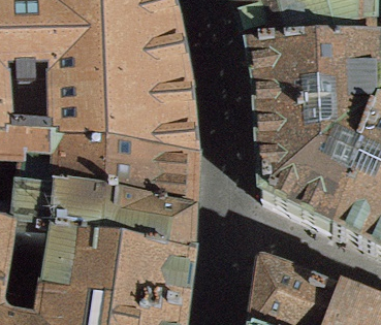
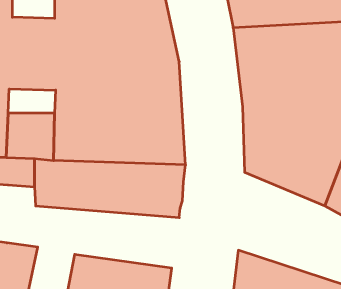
building: [25,223,193,284] -> none

